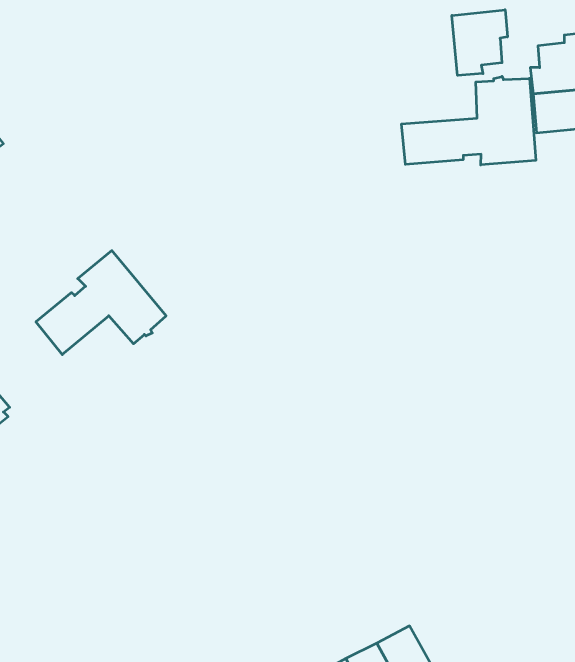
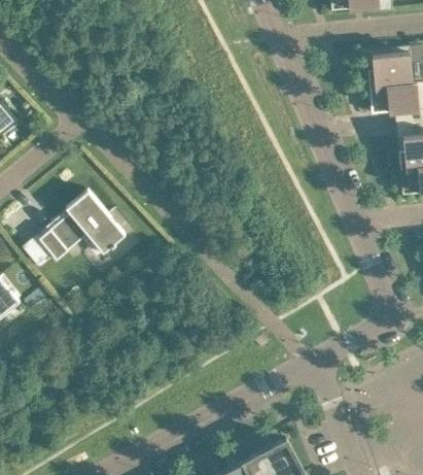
building: [452,10,507,75] -> none
building: [402,76,536,165] -> none

